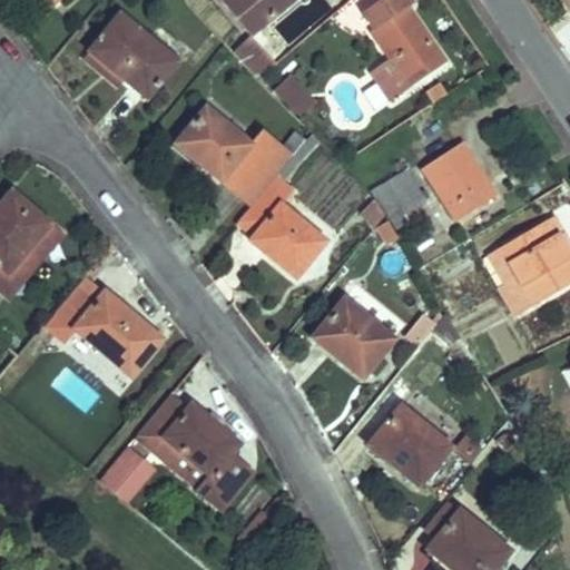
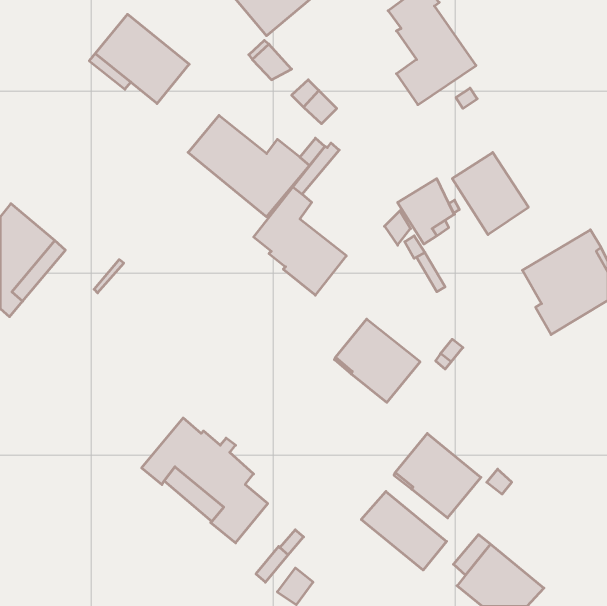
building: [46,278,161,375] -> none
building: [100,446,153,500] -> none
building: none -> [361,491,447,570]

